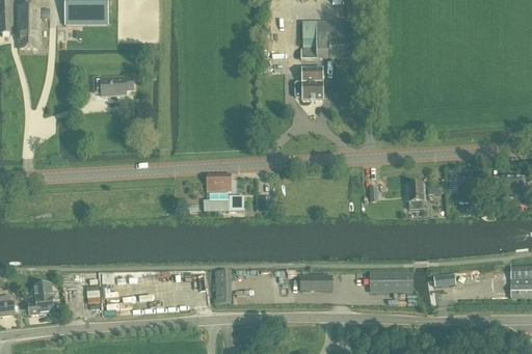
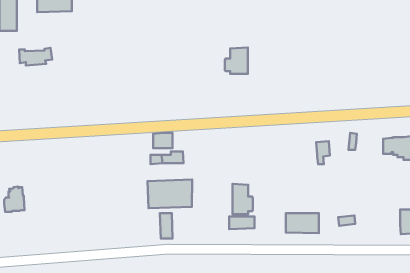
building: [301,21,351,58] -> none
building: [94,74,134,96] -> [19,48,52,66]
building: none -> [148,180,192,208]
building: none -> [232,184,253,214]
building: [28,282,53,314] -> [4,186,25,212]

